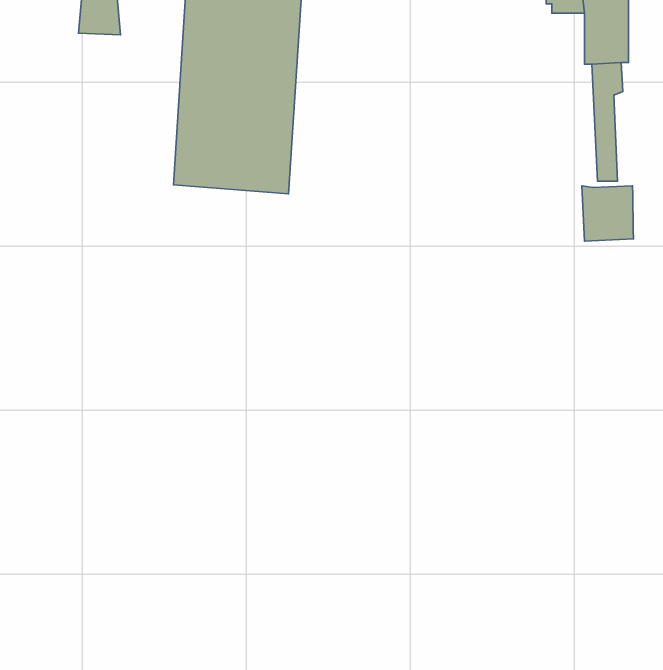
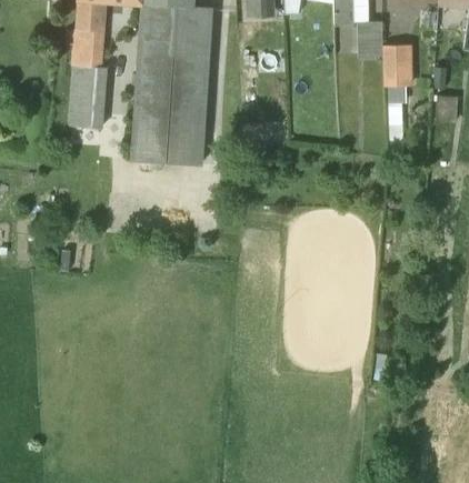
building: none -> [71,67,106,129]
building: [582,186,634,241] -> none

